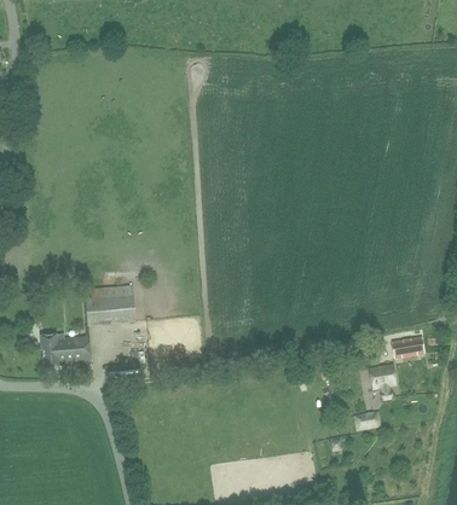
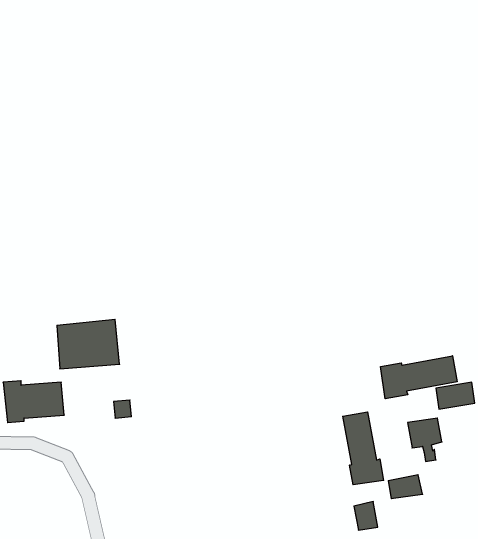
building: none -> [381,356,457,399]
building: none -> [343,412,384,485]

